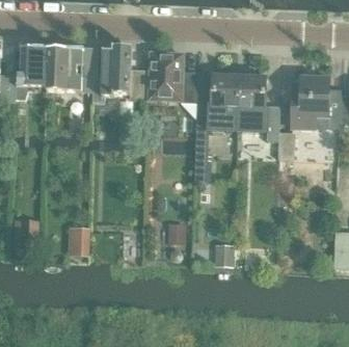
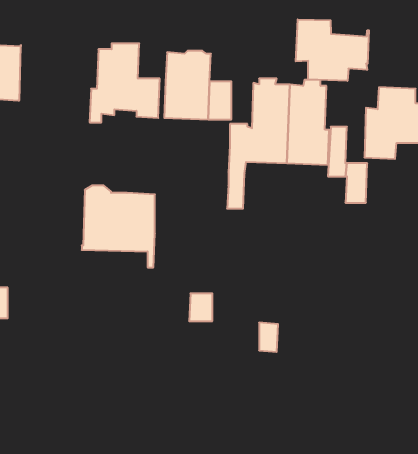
building: none -> [296,19,369,81]
building: [46,44,98,102] -> [82,186,155,267]
building: [69,226,89,255] -> none

